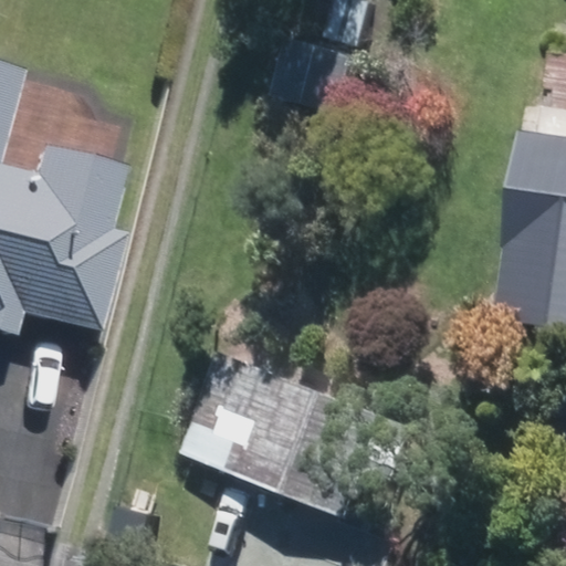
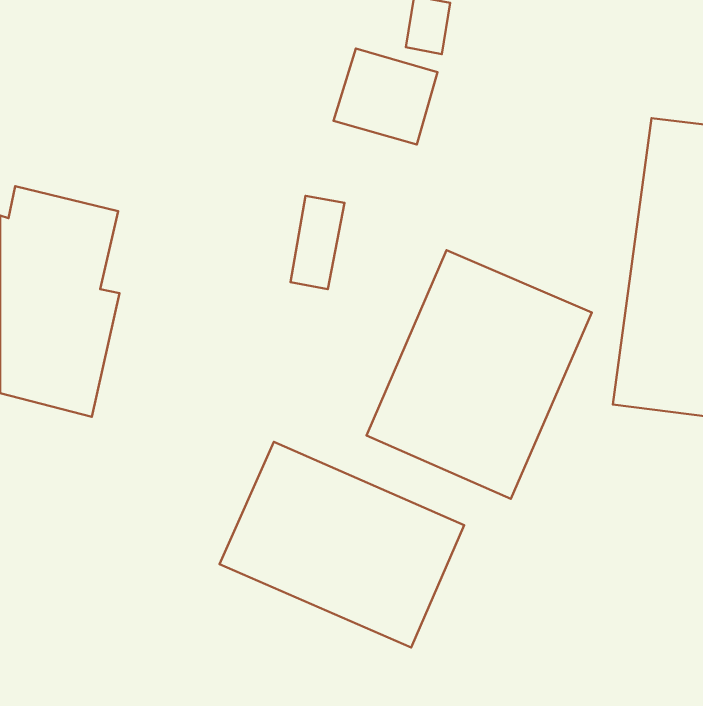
building: none -> [367,250,592,499]

